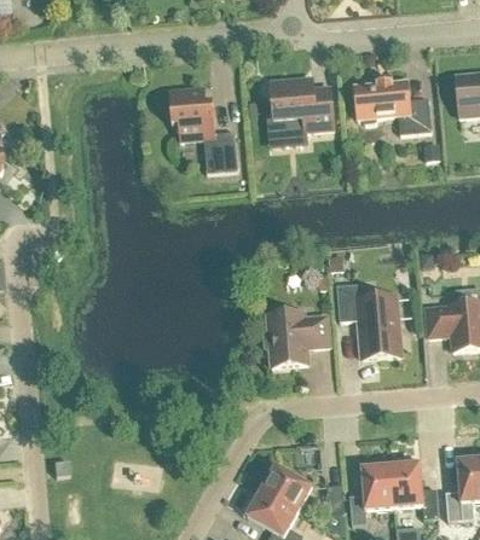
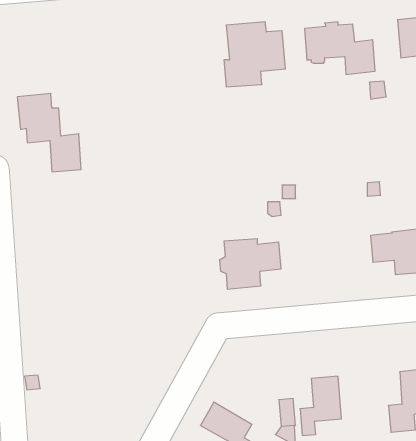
building: [169,87,238,172] -> [17,94,81,172]
building: [337,284,401,358] -> none
building: [392,458,440,518] -> none
building: [258,463,313,512] -> none

